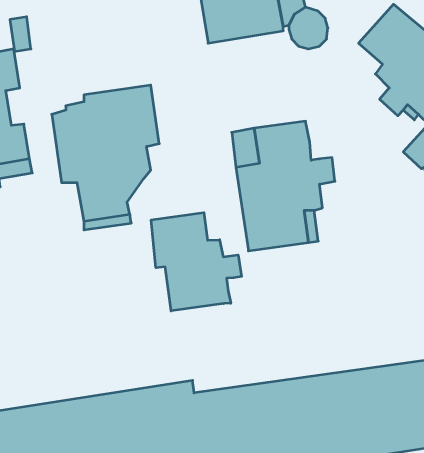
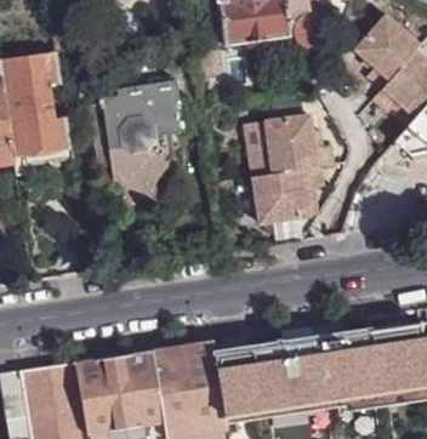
building: [151,213,242,311] -> none

